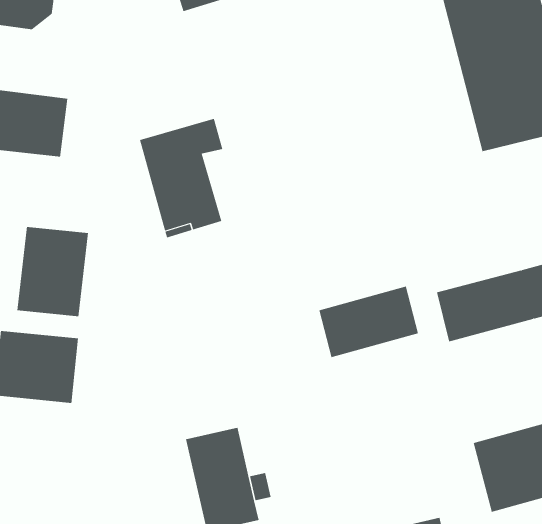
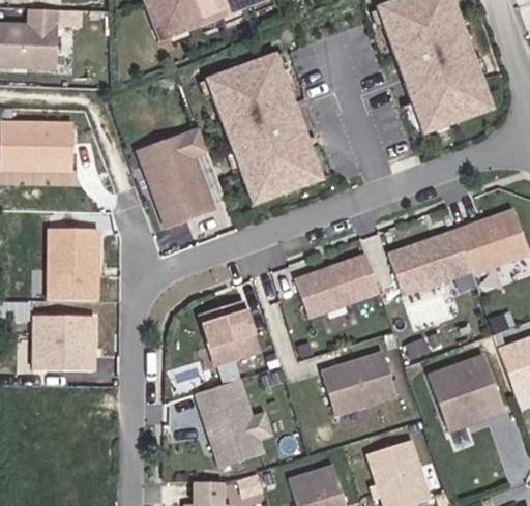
building: none -> [205,54,321,205]
building: none -> [198,300,258,366]
building: none -> [321,351,395,412]

